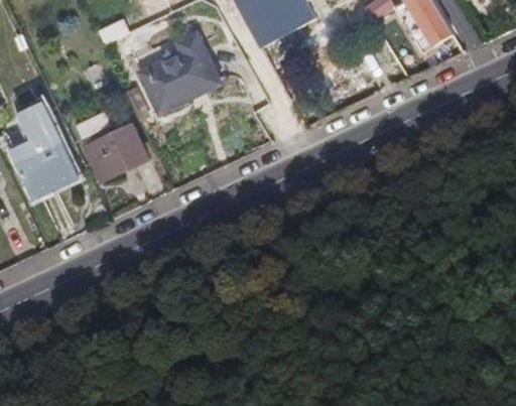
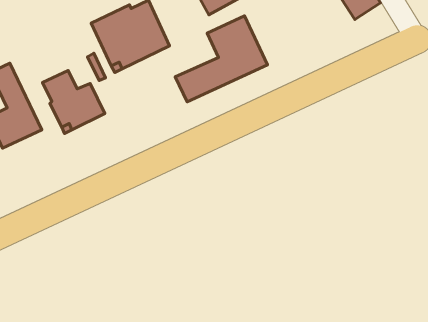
building: none -> [175,16,268,102]

